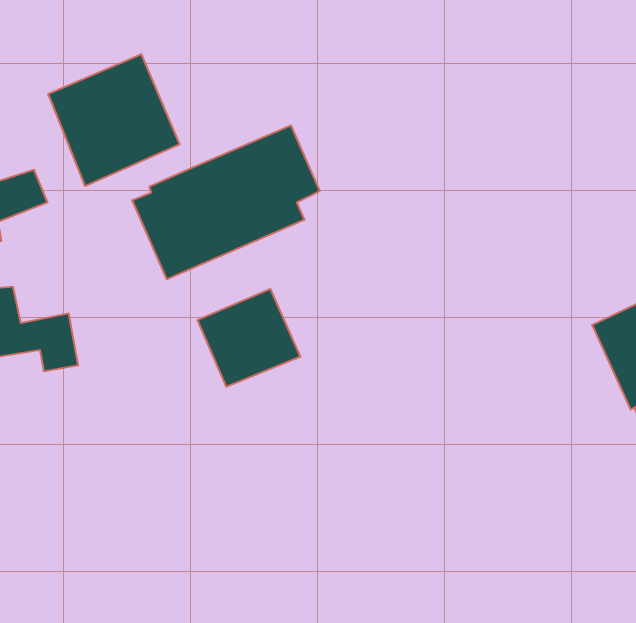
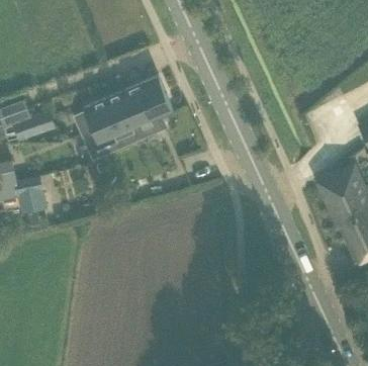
building: [48,54,179,186] -> none
building: [198,289,300,387] -> none

